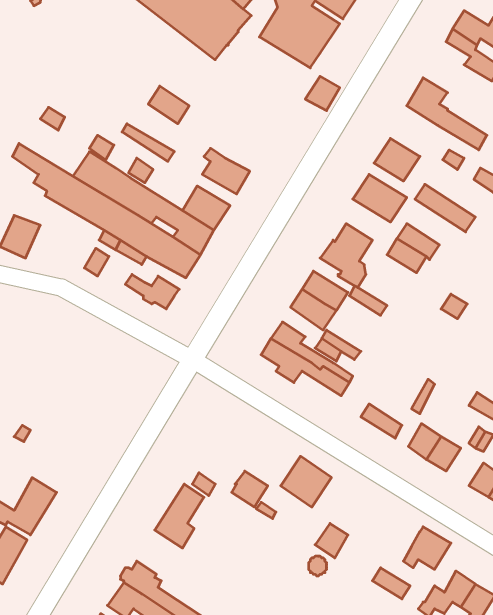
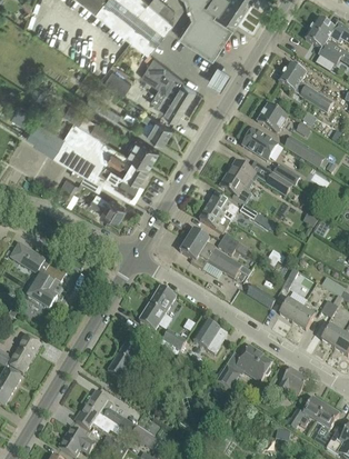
building: none -> [141,56,196,119]
building: none -> [11,245,67,309]
building: none -> [139,286,177,330]
building: none -> [237,346,272,381]

